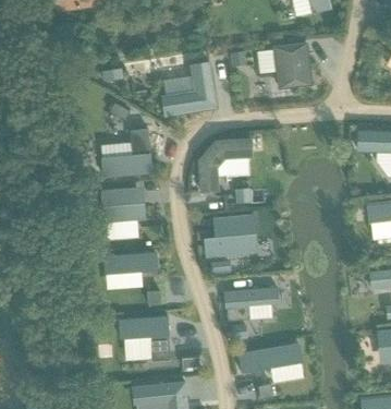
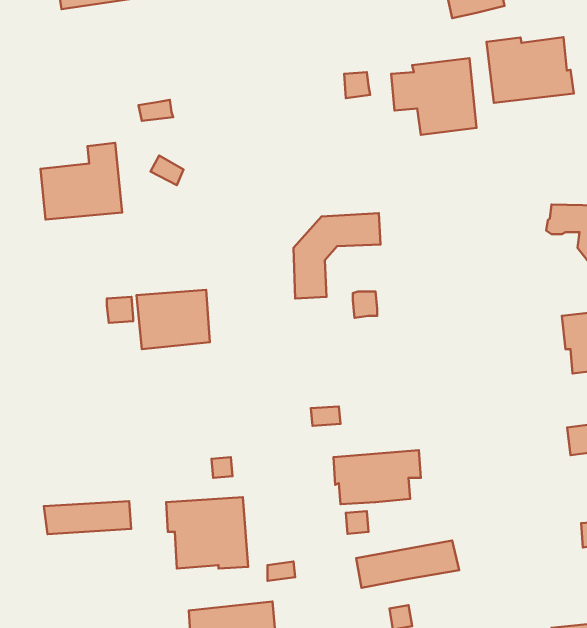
building: none -> [486,37,574,103]
building: [164,63,217,117] -> none
building: [101,129,152,177] -> [40,143,122,219]
building: [206,214,255,256] -> none
building: [103,253,158,274] -> [44,501,131,534]

